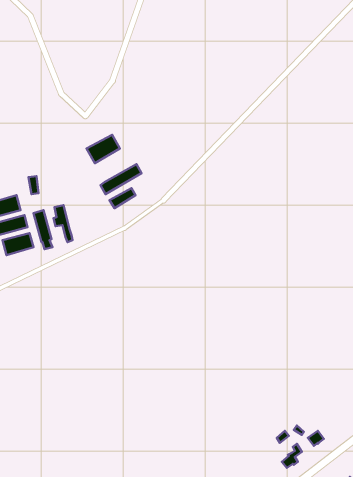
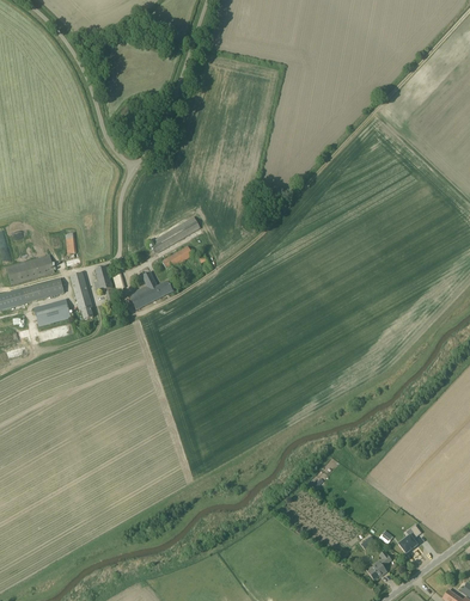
building: [87,135,120,163] -> none
building: none -> [128,271,173,309]

